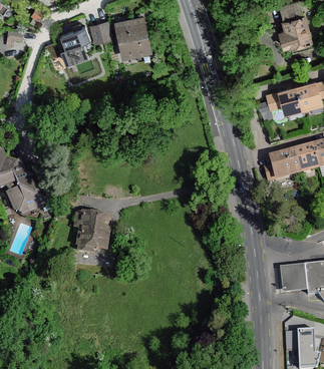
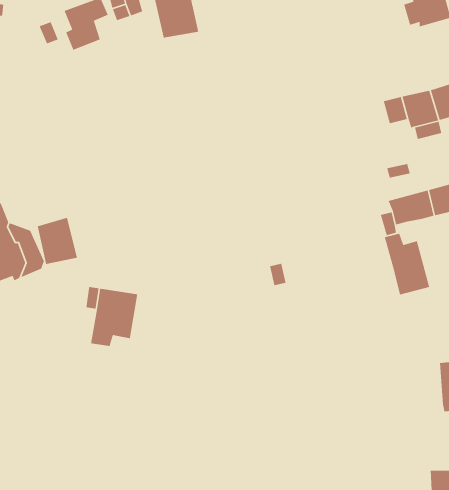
building: none -> [37,217,78,265]
building: none -> [384,233,430,296]
building: [278,262,305,291] -> none

